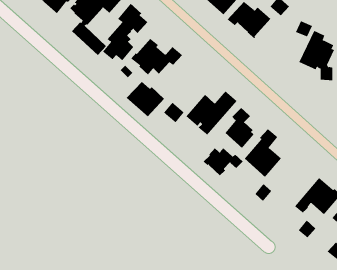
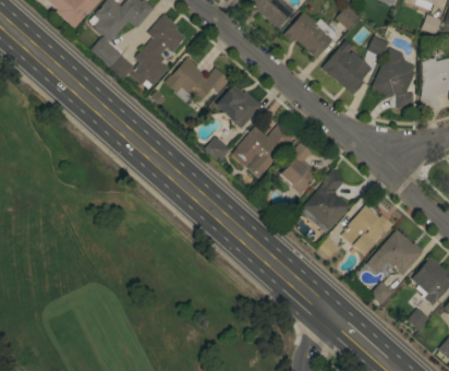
building: none -> [321,40,372,95]
building: [126,81,165,117] -> [215,84,263,129]
building: [203,147,244,176] -> none
building: none -> [342,205,391,255]

